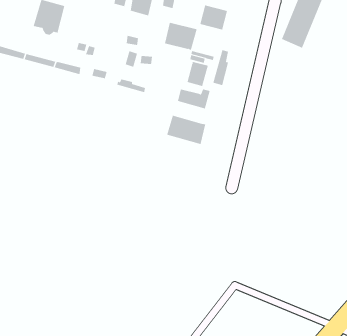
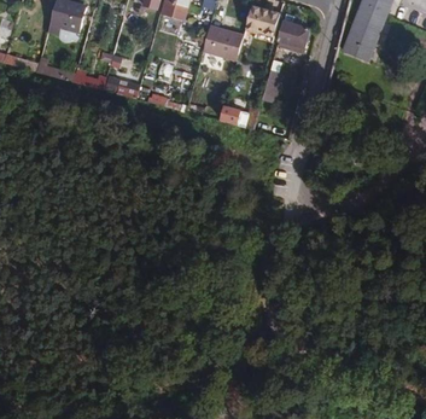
building: none -> [276,14,309,53]
building: [187,61,209,87] -> none
building: [167,115,206,145] -> none

